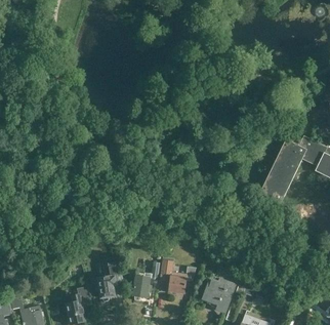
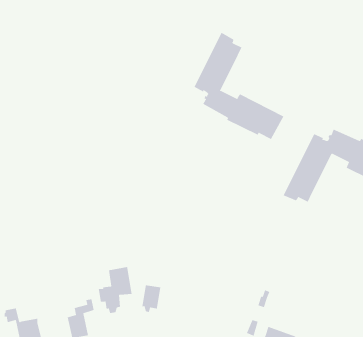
building: none -> [194,32,284,140]
building: [158,256,196,293] -> none
building: [201,278,235,313] -> none

